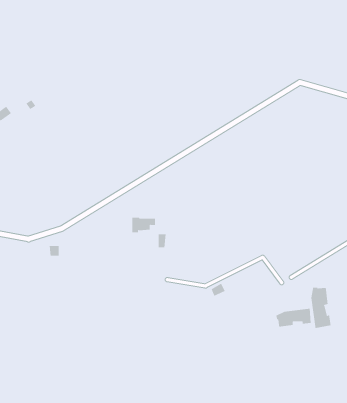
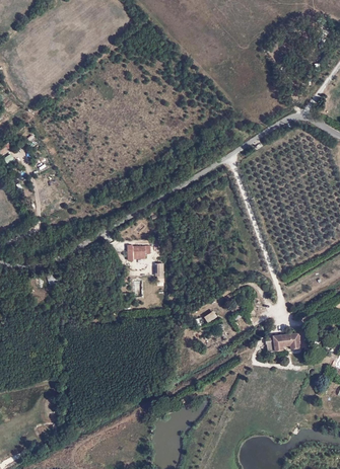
building: [311,287,331,329] -> none

